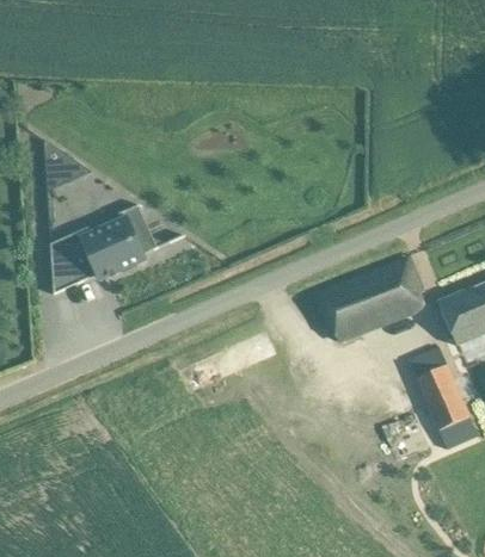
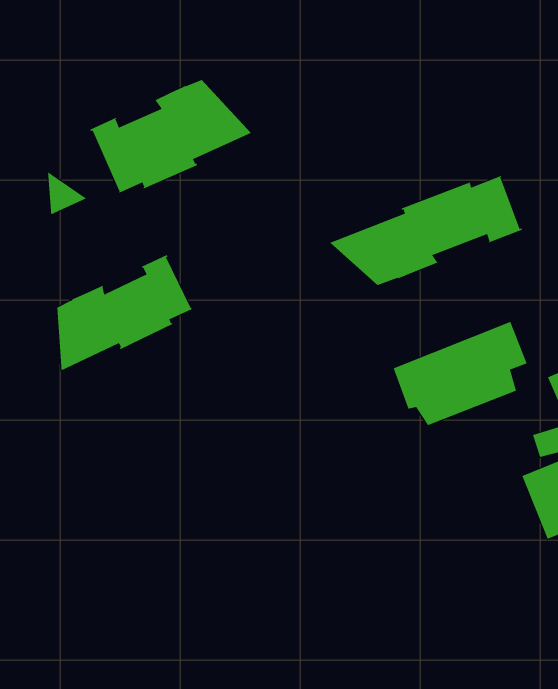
building: none -> [90,79,252,194]
building: none -> [329,175,523,286]

